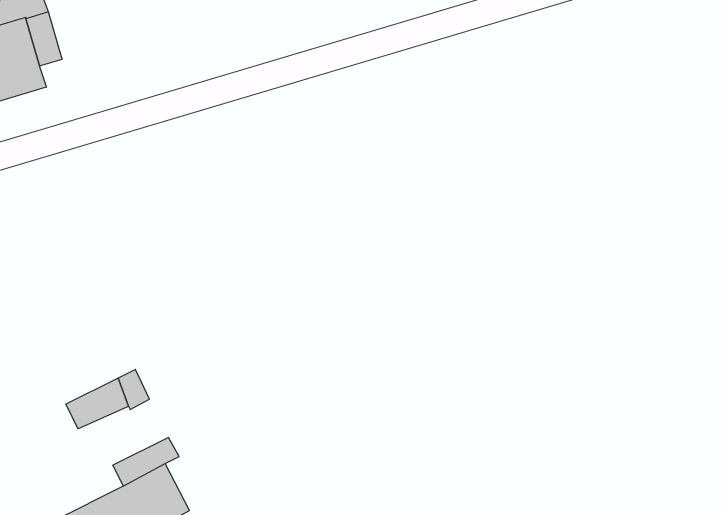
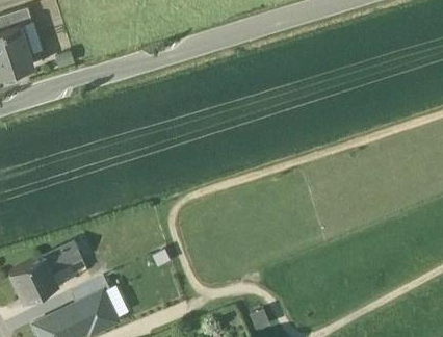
building: none -> [7,257,55,302]

